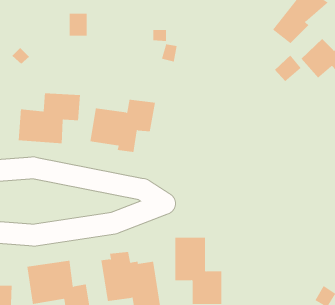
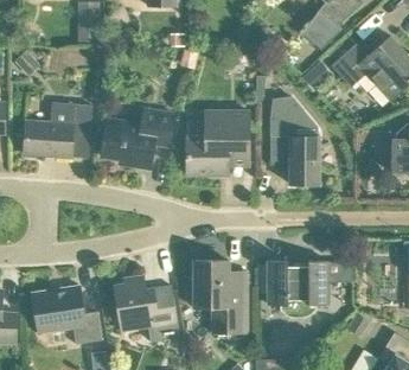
building: none -> [269,96,319,184]
building: none -> [186,111,248,173]
building: none -> [256,260,327,317]

